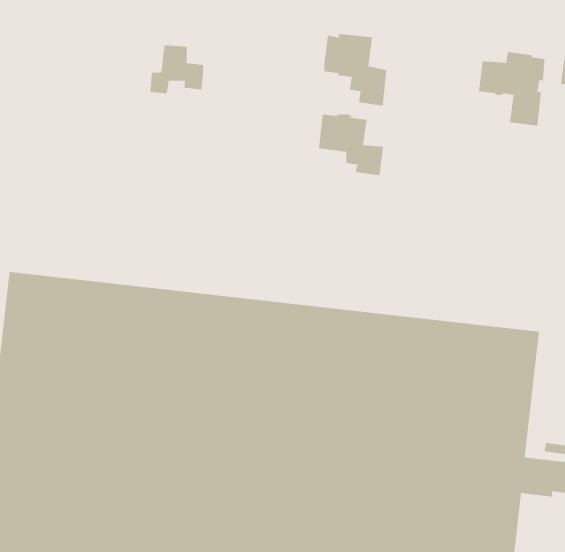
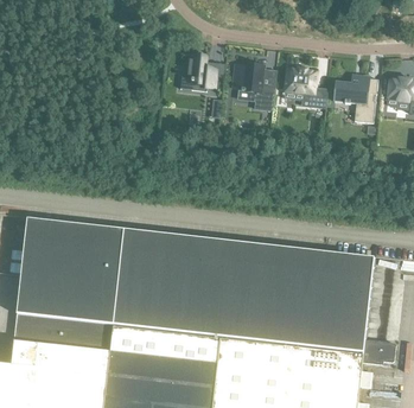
building: [149,45,204,94] -> [180,58,216,90]
building: [318,114,384,176] -> [285,68,327,108]

